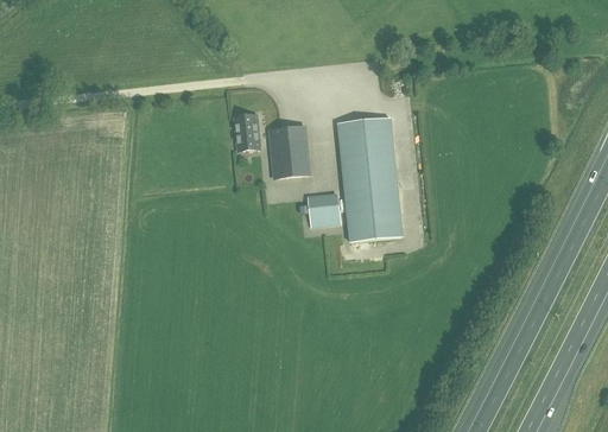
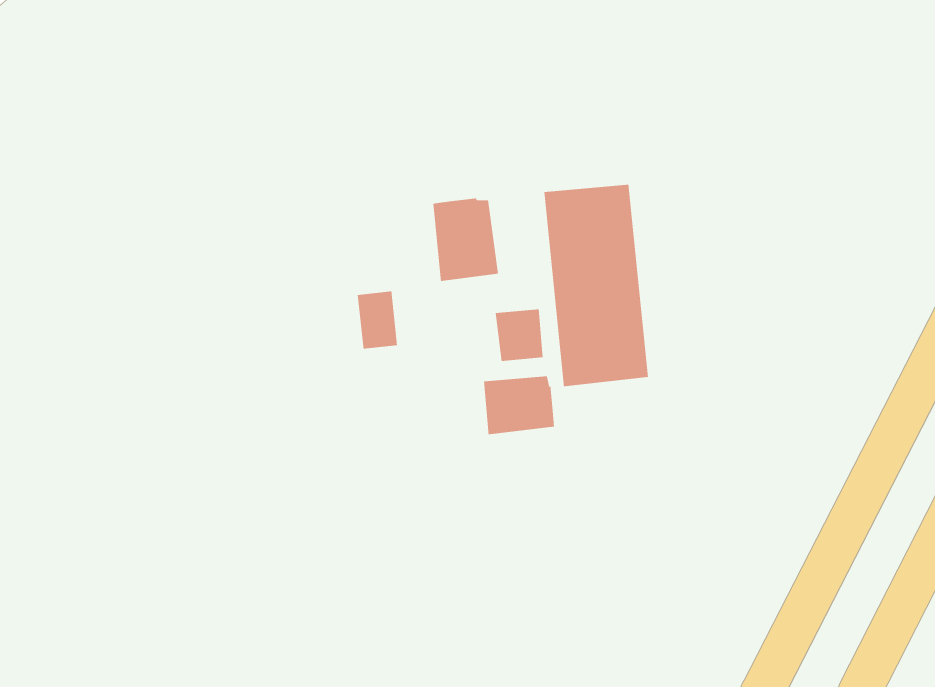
building: [234,114,259,150] -> [357,291,398,349]
building: none -> [483,375,555,435]

